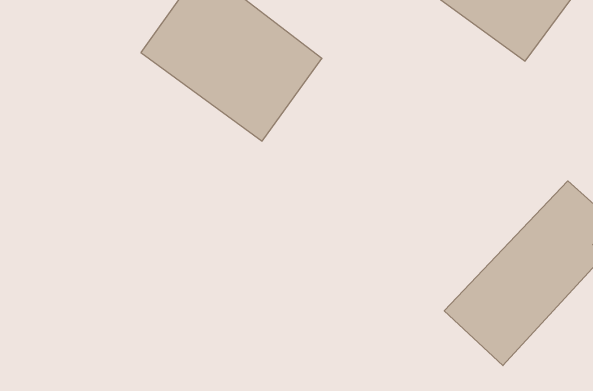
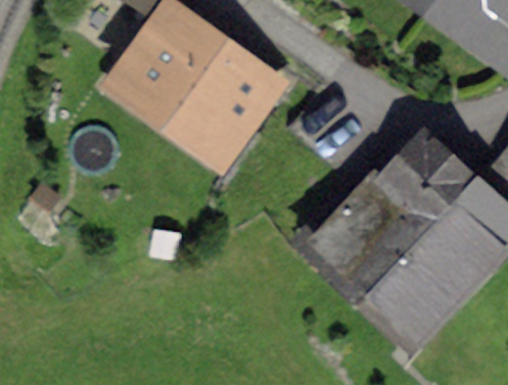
building: none -> [322,139,486,290]

